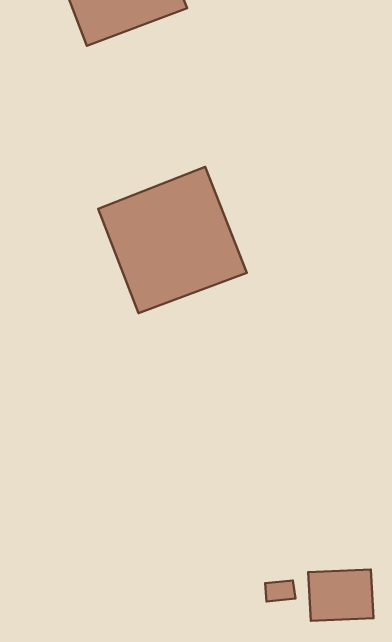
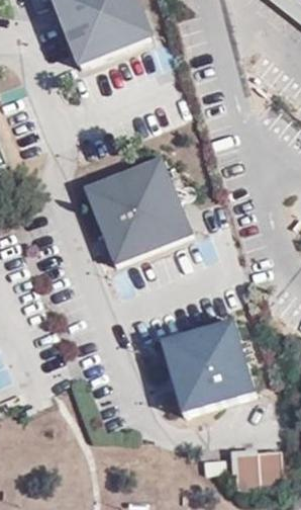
building: none -> [161,320,255,412]

